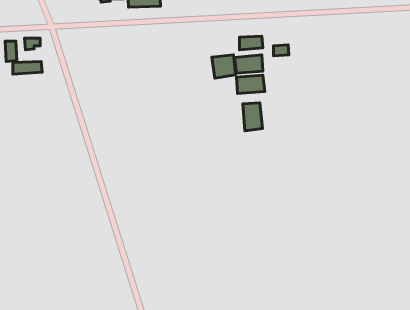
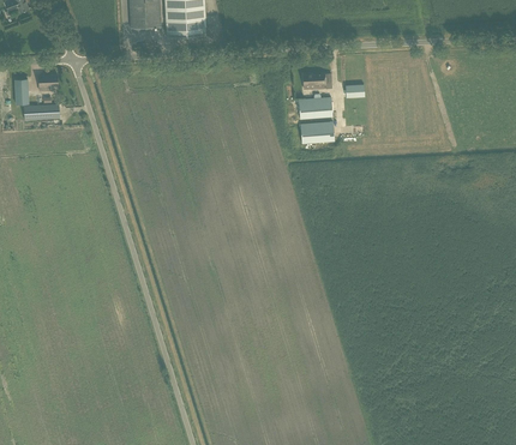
building: [212,55,236,78] -> none
building: [243,103,262,131] -> none

